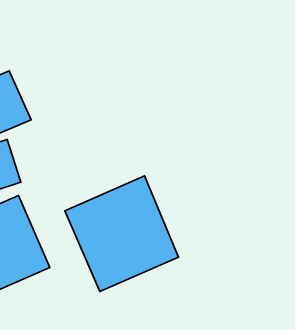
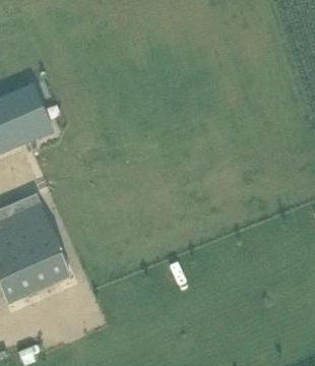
building: [65,176,178,292] -> none

